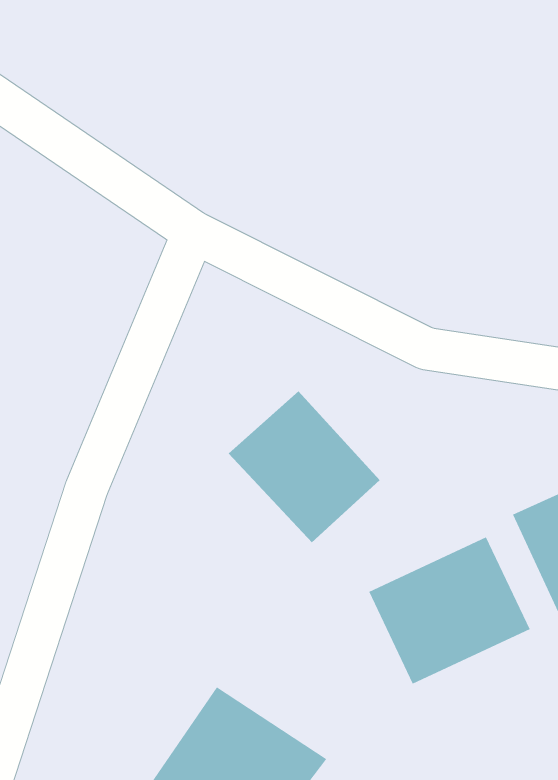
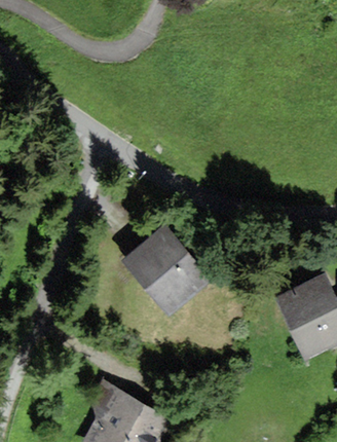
building: [368,537,530,684] -> none

